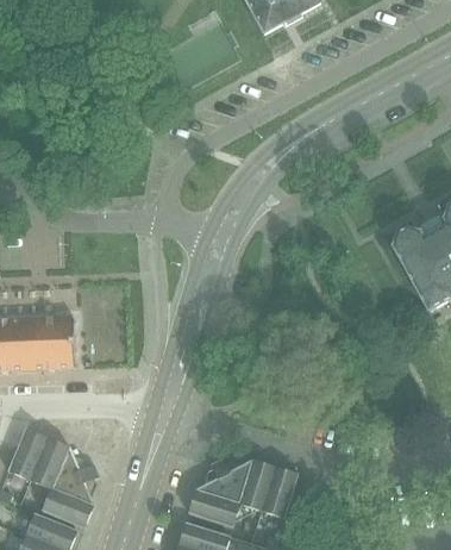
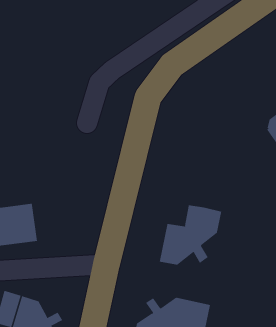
building: none -> [159,205,222,265]

